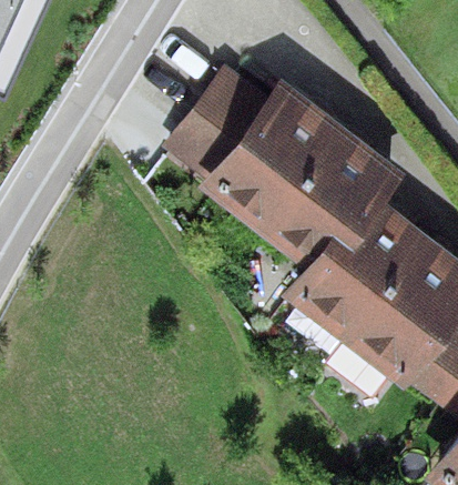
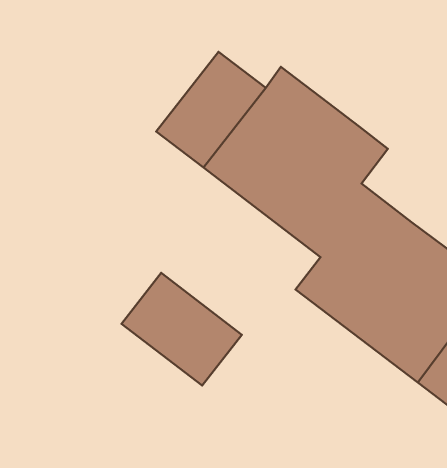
building: none -> [121,273,242,385]

